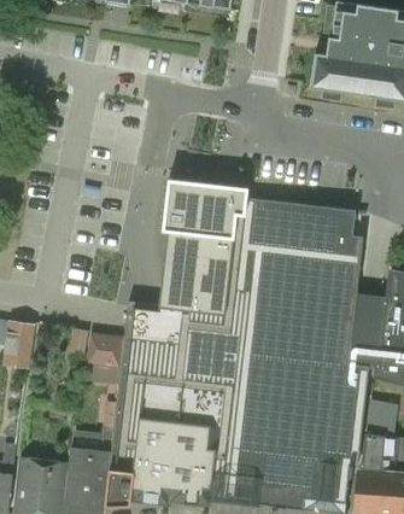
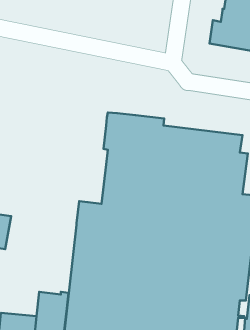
building: [86,334,122,368] -> none

